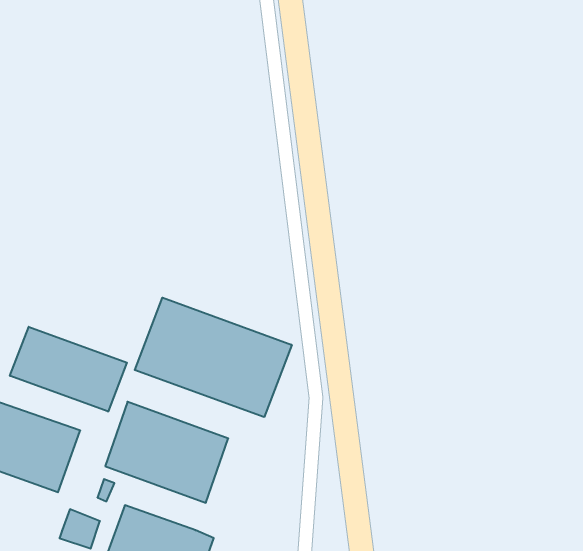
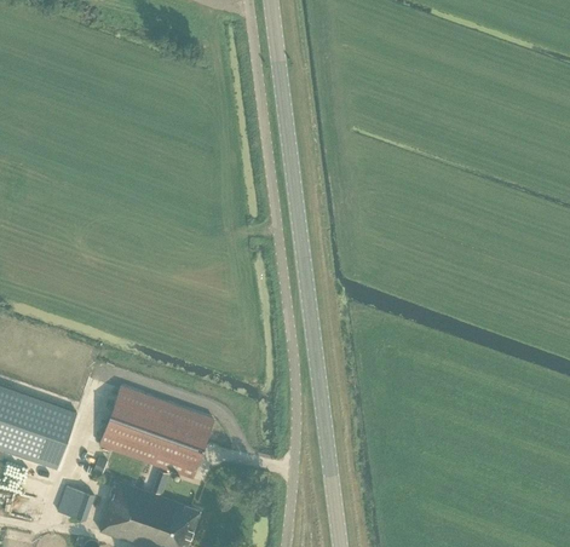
building: [135,298,292,417] -> none
building: [10,327,127,412] -> none

